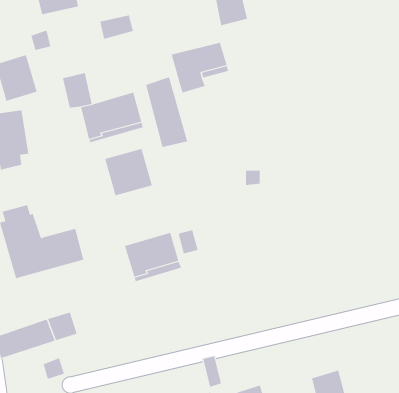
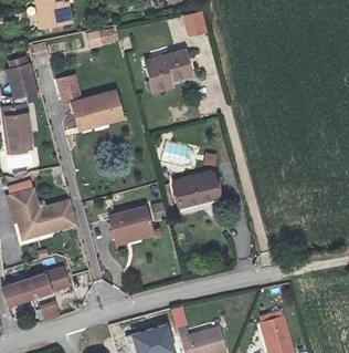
building: [145,76,188,148] -> none
building: [105,148,152,196] -> none
building: none -> [172,169,218,205]

